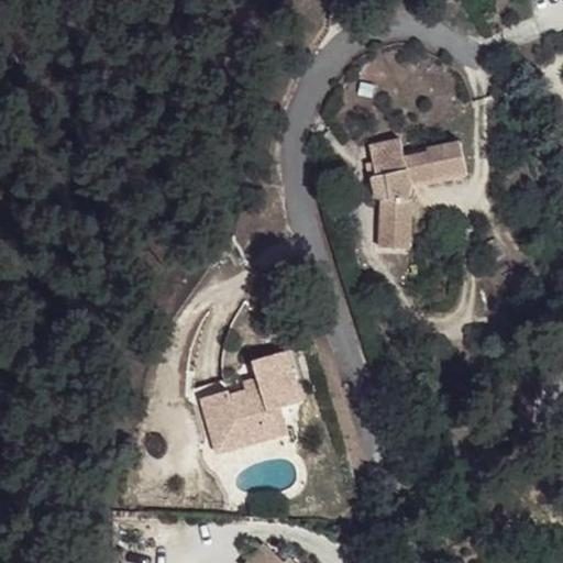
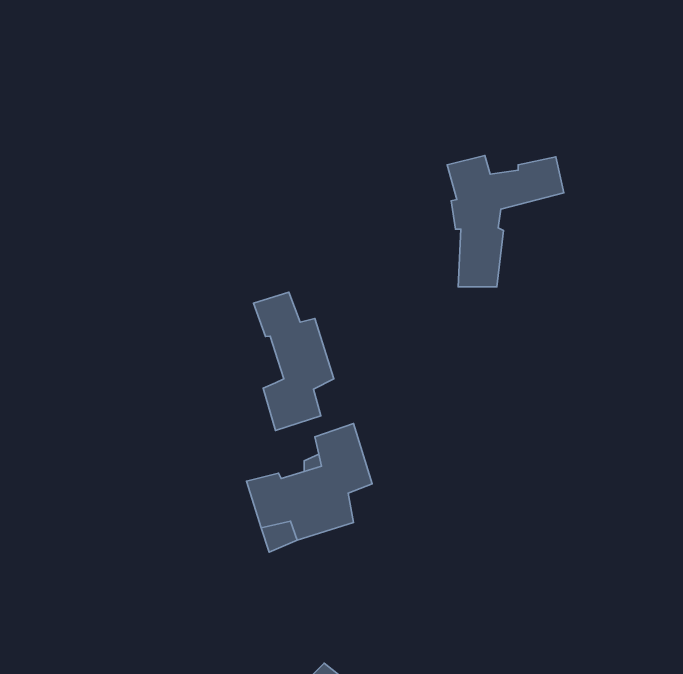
building: none -> [253,292,334,430]

